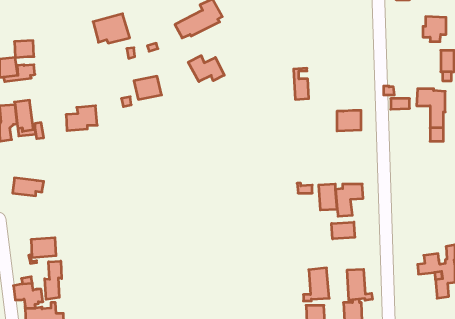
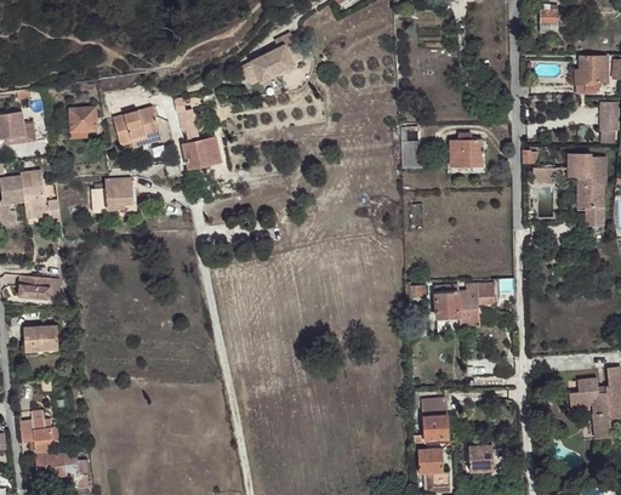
building: [93,14,130,43] -> [113,107,163,147]
building: [14,41,34,58] -> [69,108,96,131]
building: [188,56,224,82] -> none
building: [337,110,361,131] -> [450,140,483,167]
building: [332,222,355,239] -> none
building: [31,238,56,257] -> [24,325,58,352]
building: [45,261,62,299] -> none
building: [347,269,372,300] -> none

